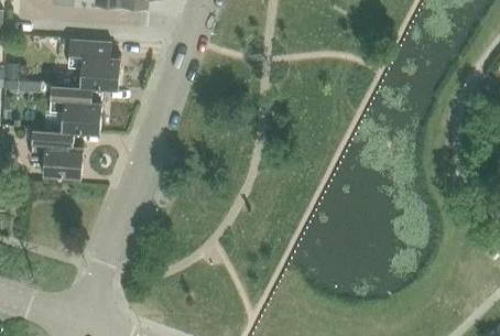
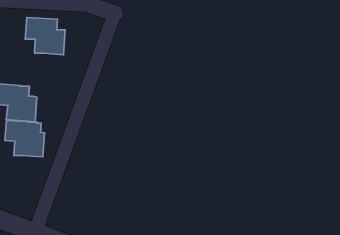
building: [48,85,101,133] -> [5,121,45,157]

